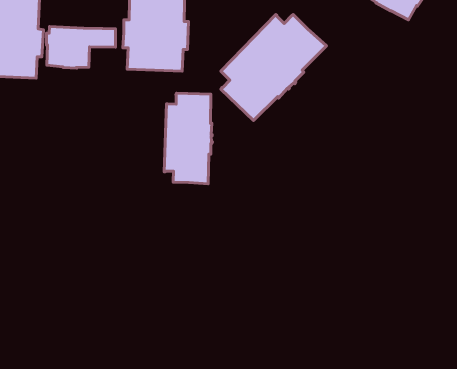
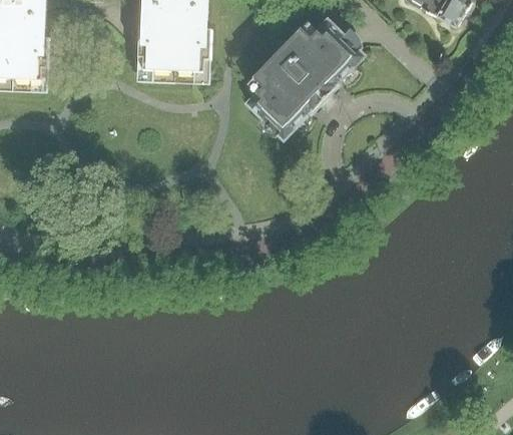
building: [47,27,116,68] -> none
building: [164,93,212,184] -> none

